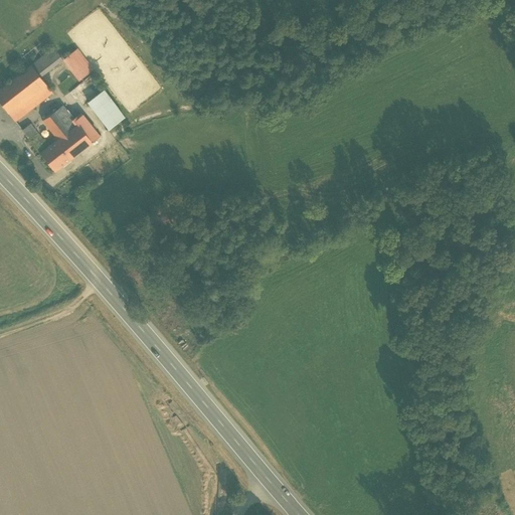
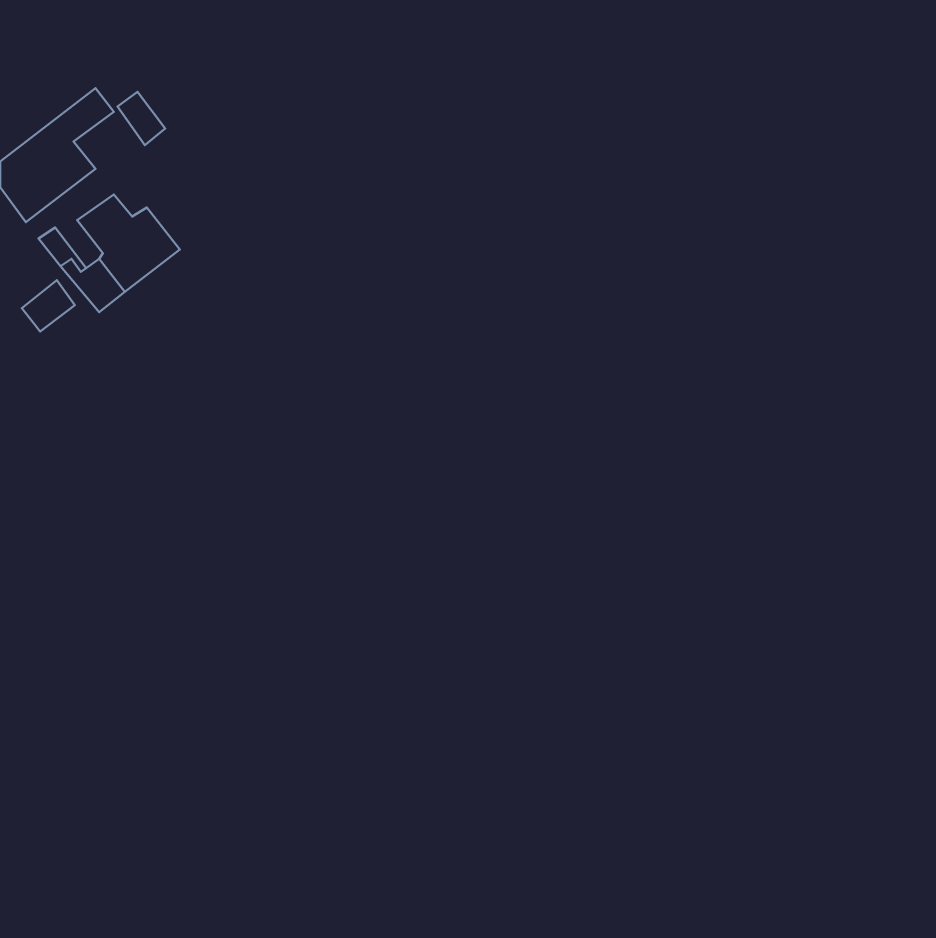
building: [89,91,124,129] -> none
building: none -> [22,280,75,331]

